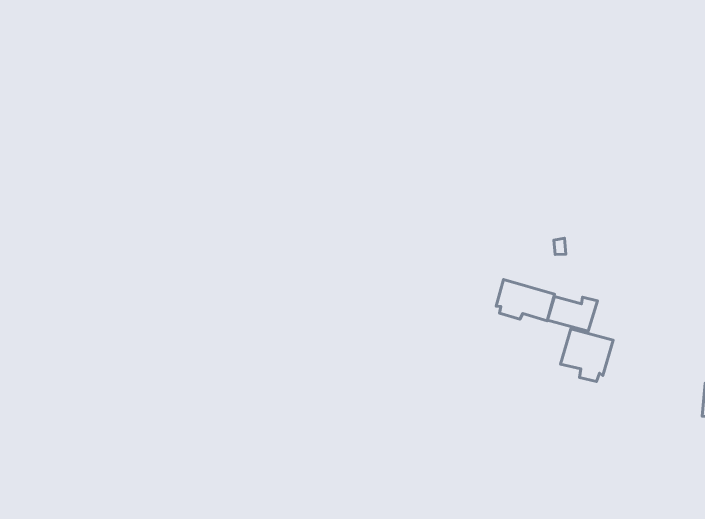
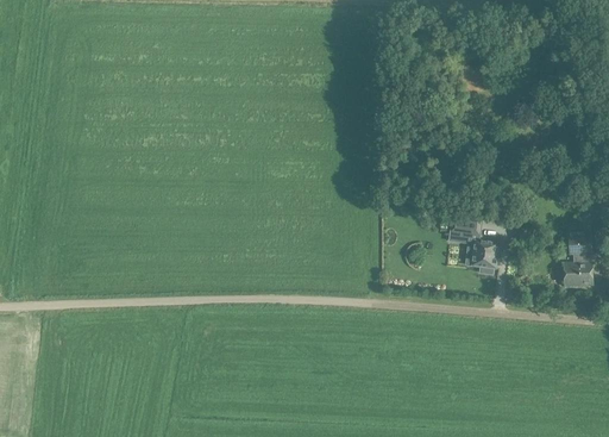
building: [496,279,555,321] -> none

